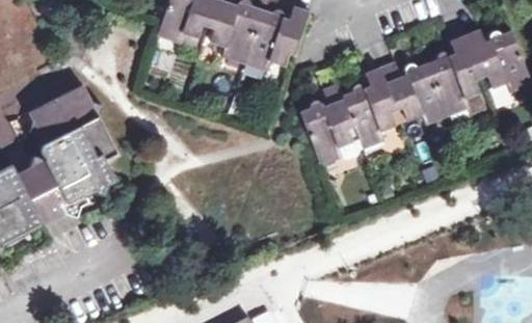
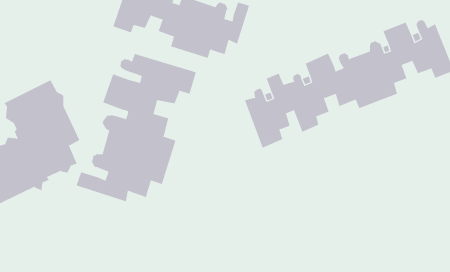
building: none -> [76,53,196,202]

